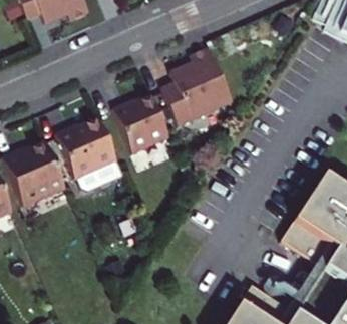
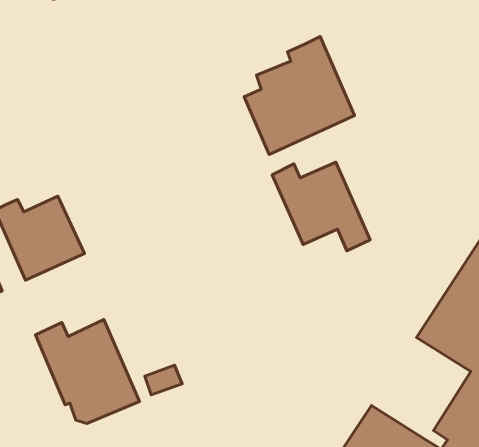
building: [112,103,176,160] -> [272,162,370,251]
building: [57,126,124,194] -> [36,319,140,423]

